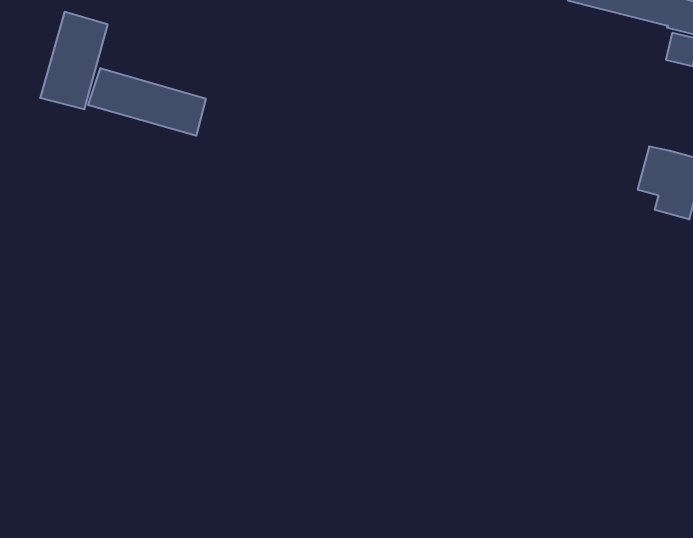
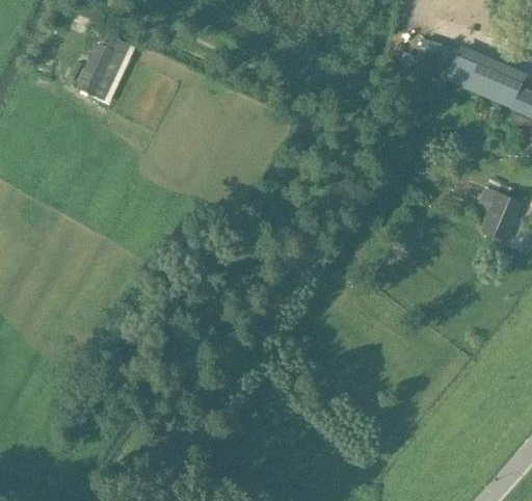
building: [88,68,206,136] -> none

